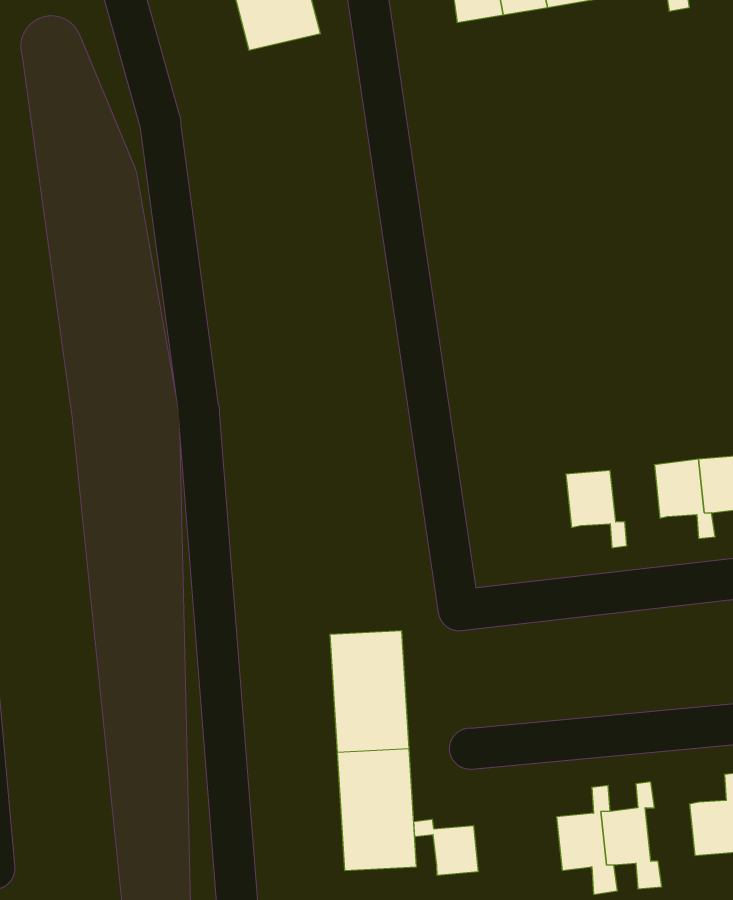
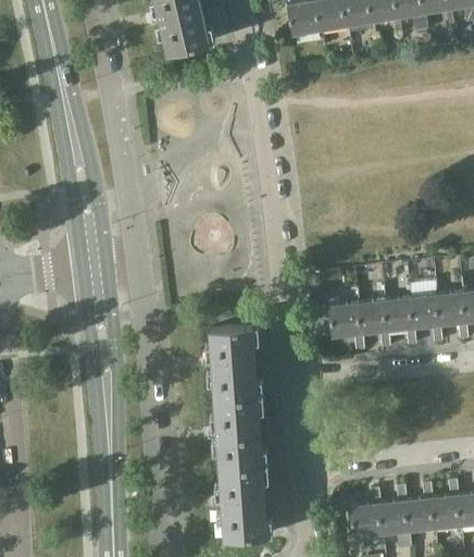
building: none -> [379,298,415,345]
building: none -> [327,304,363,350]
building: none -> [209,325,257,398]
building: none -> [400,482,432,532]
building: [414,819,478,875] -> none

